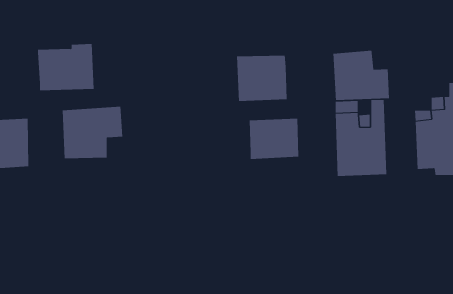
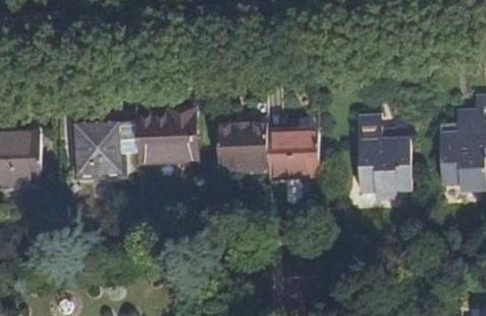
building: [37,44,94,91] -> [138,112,197,161]
building: [333,50,389,101] -> none
building: [236,55,287,101] -> [217,123,270,171]

